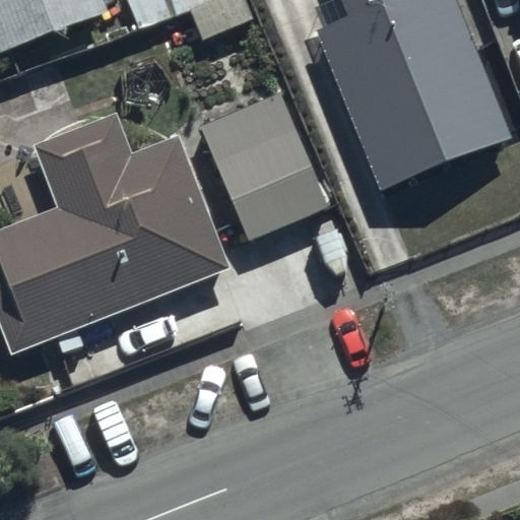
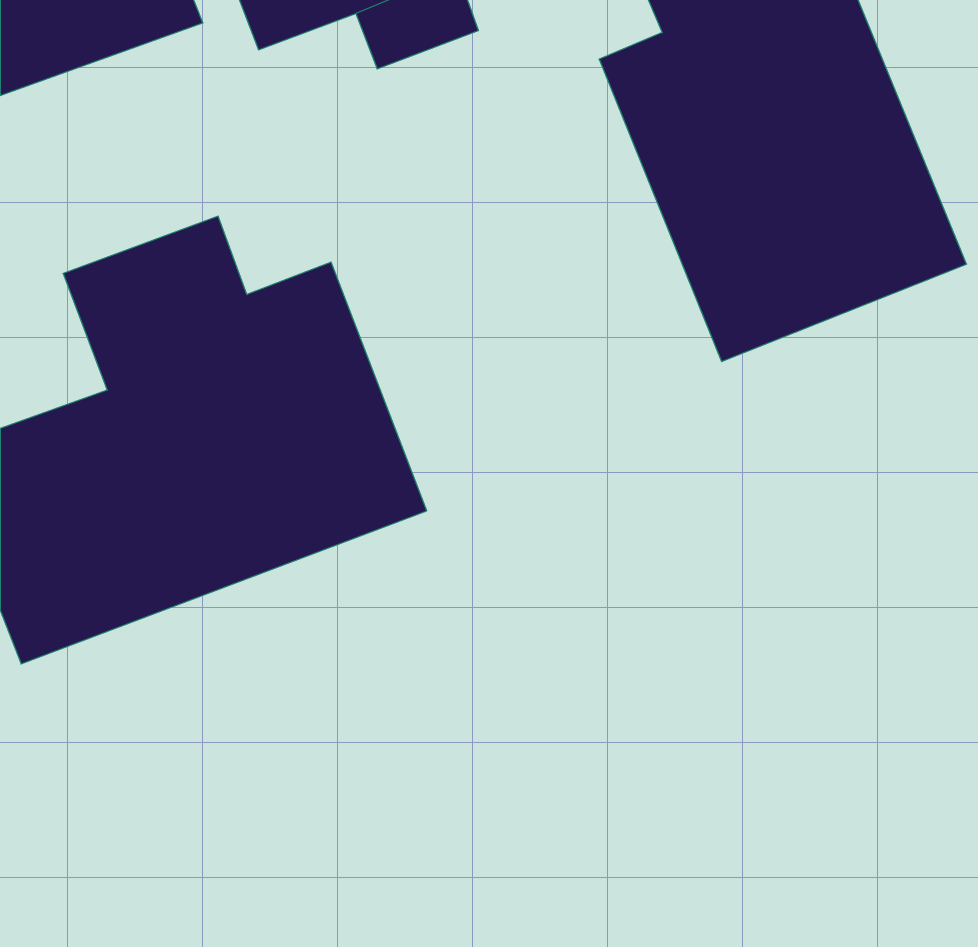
building: [200,91,326,240] -> none

